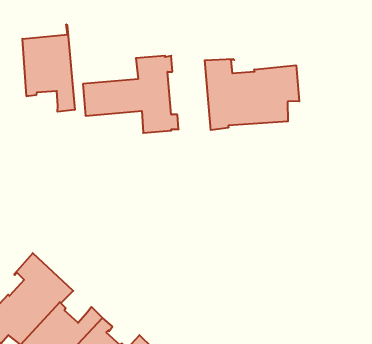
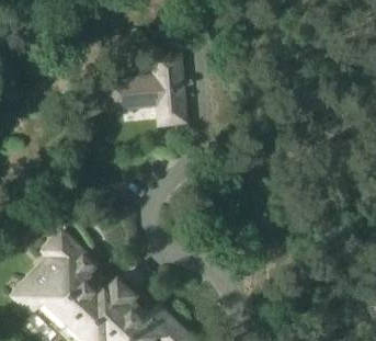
building: [22,24,75,112] -> none
building: [205,59,299,130] -> none

